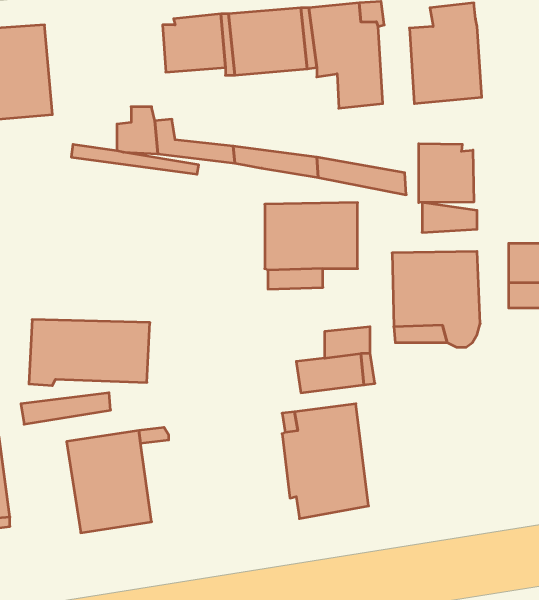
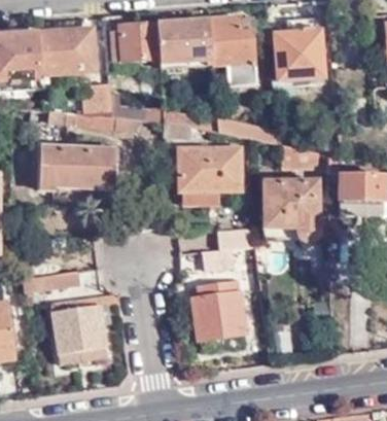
building: none -> [39,27,97,82]
building: [419,144,474,203] -> none
building: [29,320,150,386] -> [39,147,118,190]

